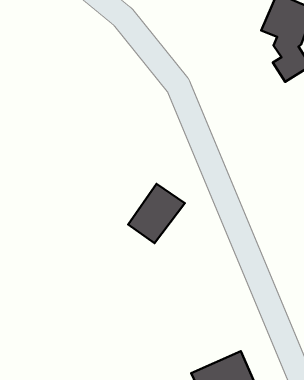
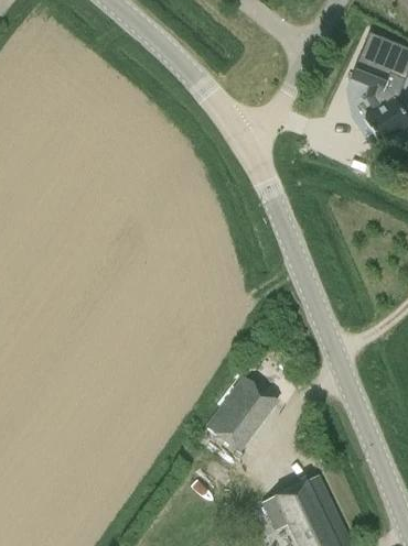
building: [128,184,185,243] -> [207,376,278,450]

